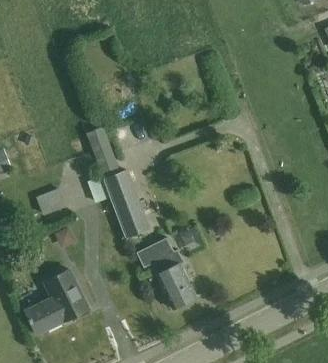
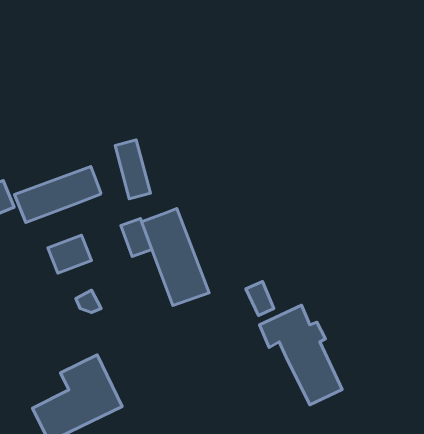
building: none -> [15,166,101,222]
building: [137,238,196,309] -> [259,305,342,405]

